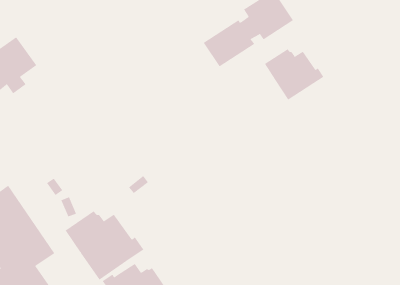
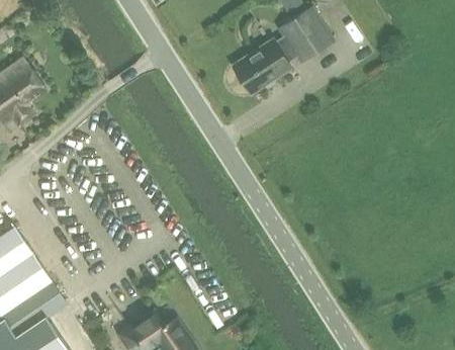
building: [264,48,324,100] -> none
building: [65,210,144,280] -> none

